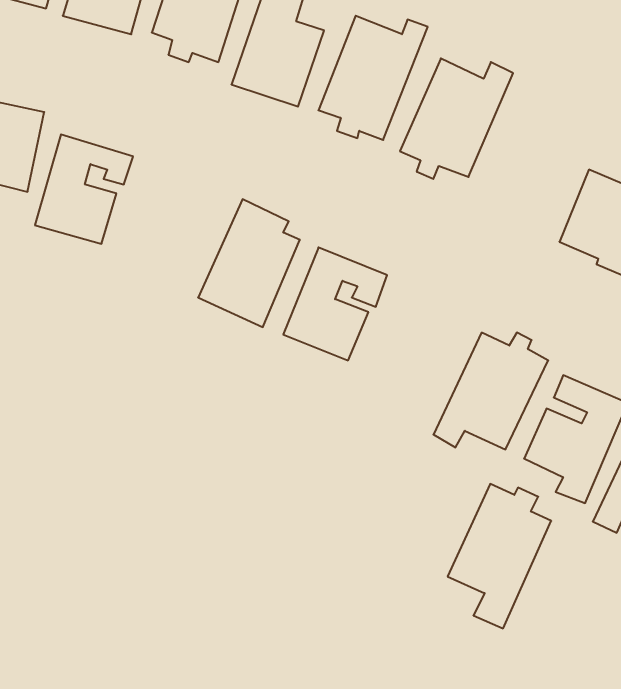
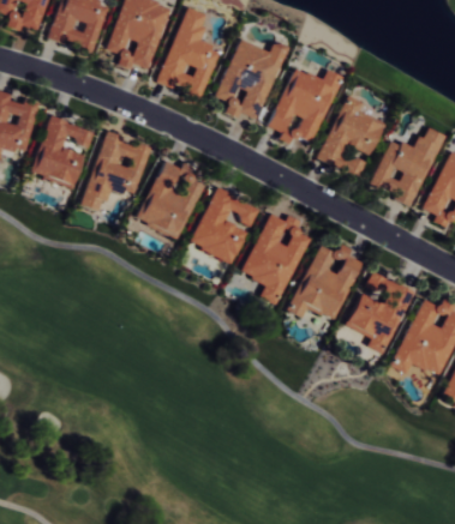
building: none -> [318,94,384,176]
building: none -> [83,133,150,211]
building: [448,484,551,628] -> [243,212,310,306]

